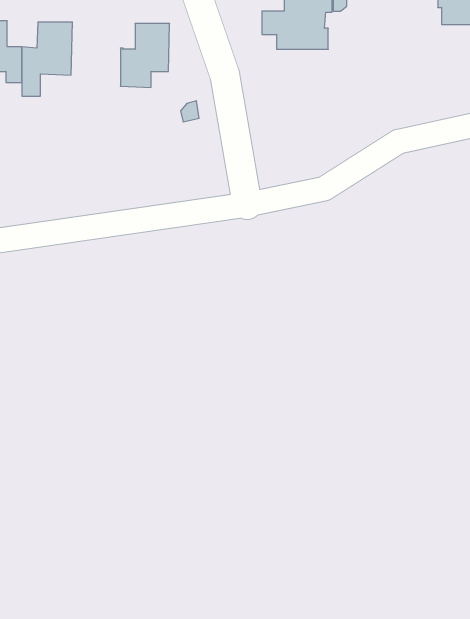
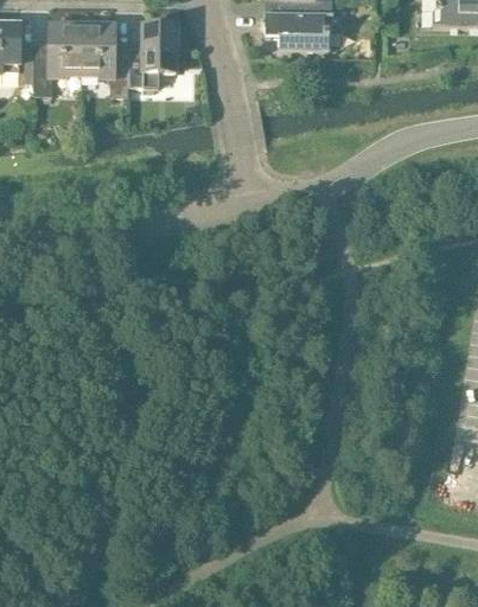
building: none -> [82,21,129,94]

